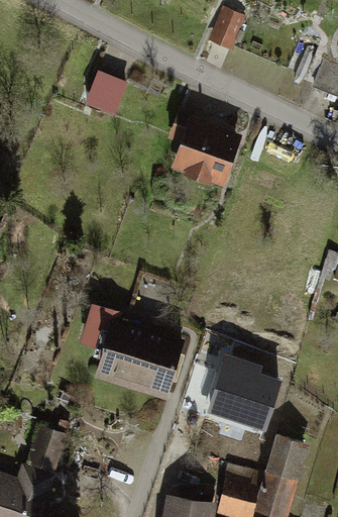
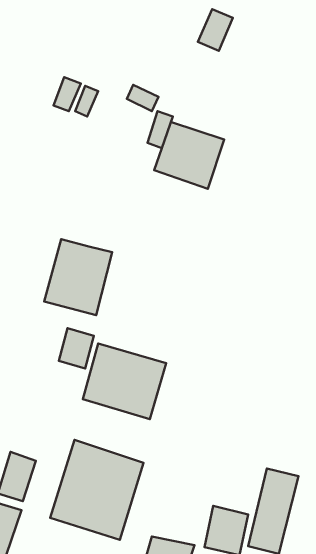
building: none -> [44,239,112,315]
building: [214,360,277,423] -> none
building: none -> [50,440,144,540]

